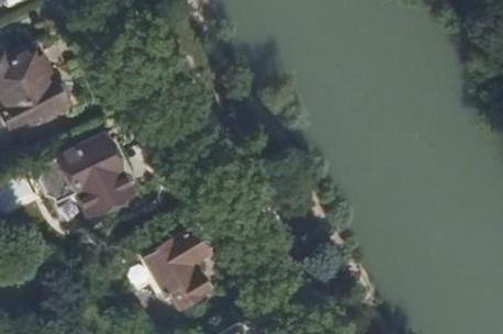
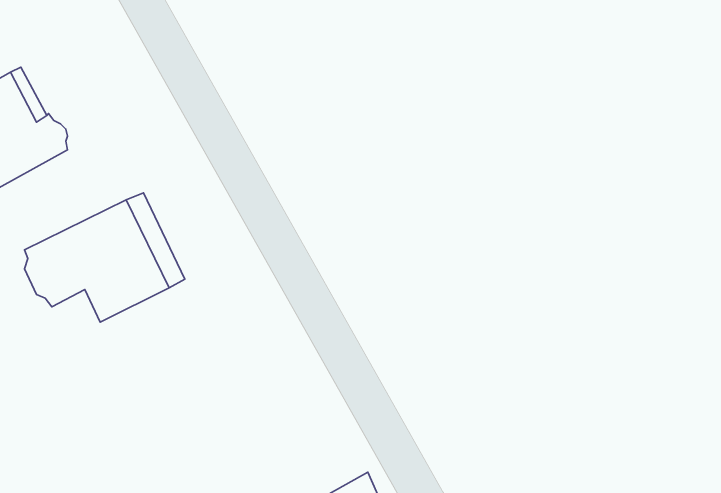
building: [143,221,217,305] -> none

